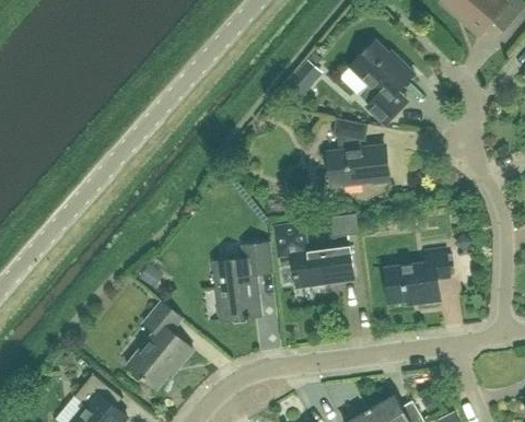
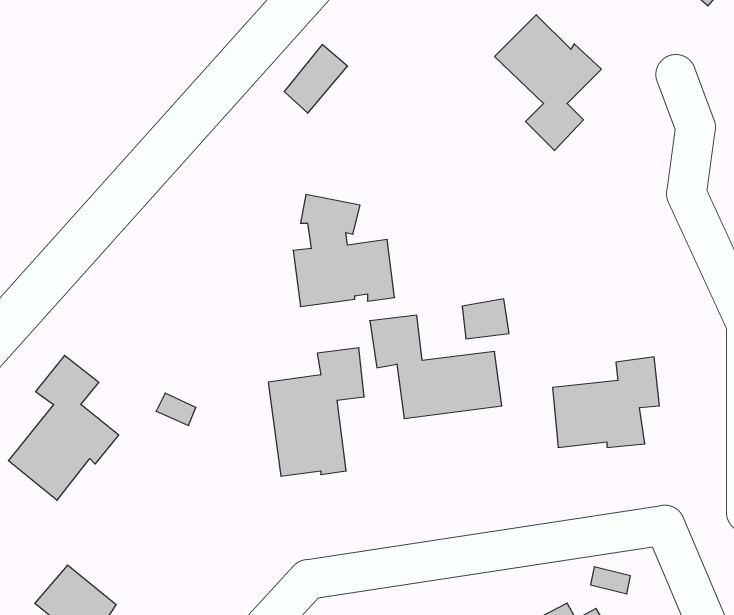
building: [283,58,322,99] -> [284,45,348,113]
building: [328,118,389,186] -> [293,194,395,307]
building: [126,302,192,389] -> [8,355,119,500]

